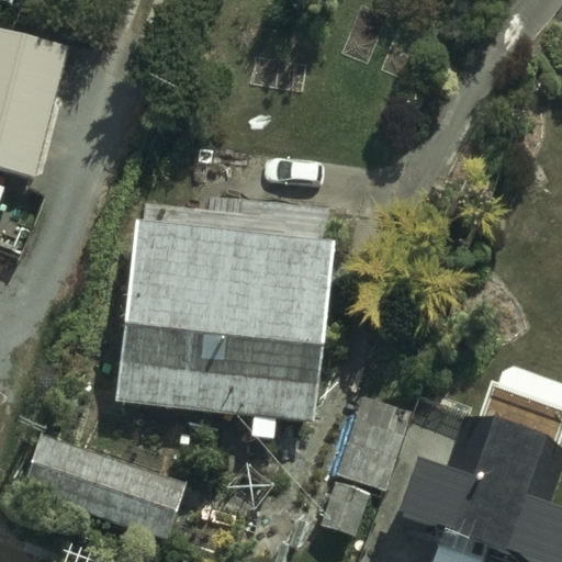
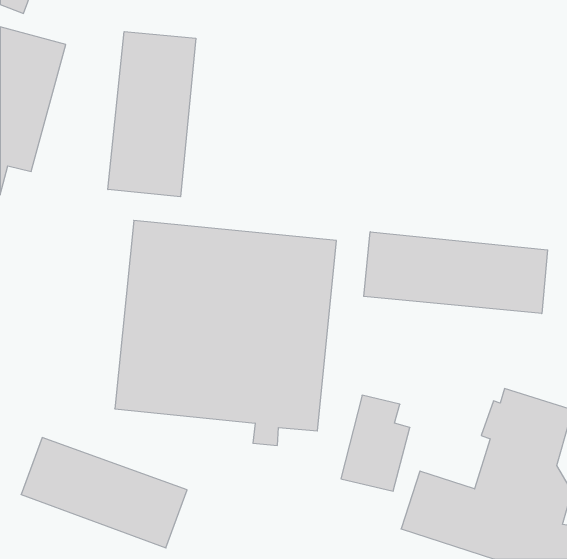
building: none -> [108,32,196,197]
building: none -> [364,232,548,314]

